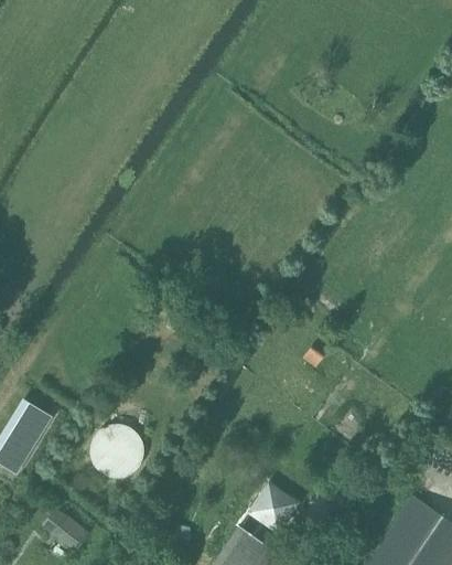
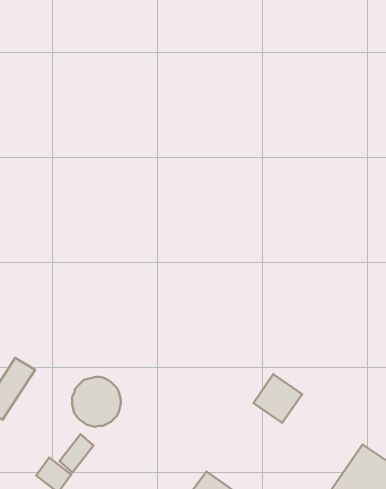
building: [246,481,300,535] -> [253,374,302,423]
building: none -> [59,434,93,472]

